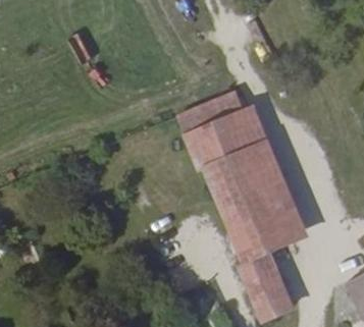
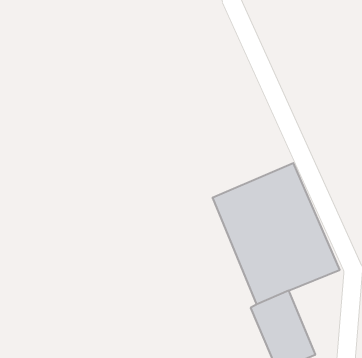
building: [176,99,258,177] -> none

